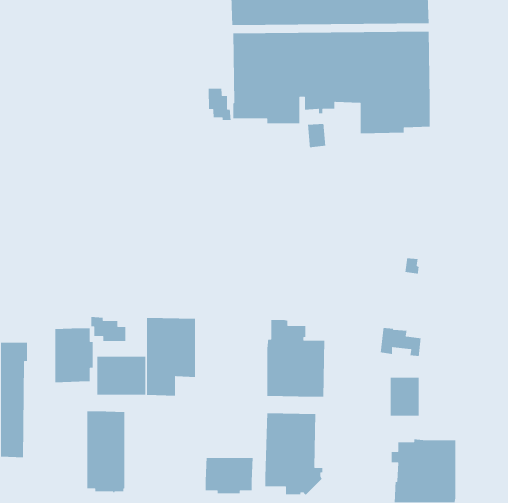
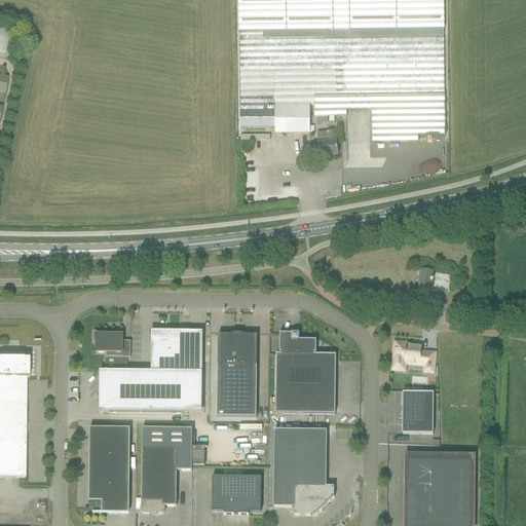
building: [208,88,232,121] -> none
building: none -> [217,330,257,413]
building: [55,327,94,383] -> none
building: none -> [141,425,192,510]

